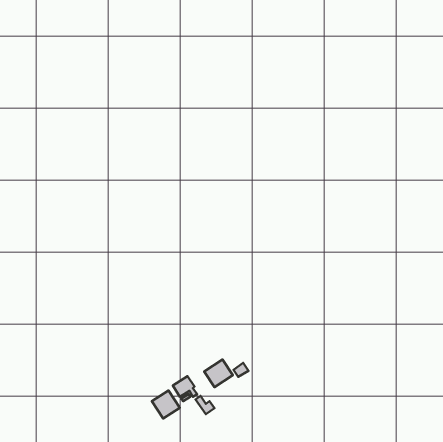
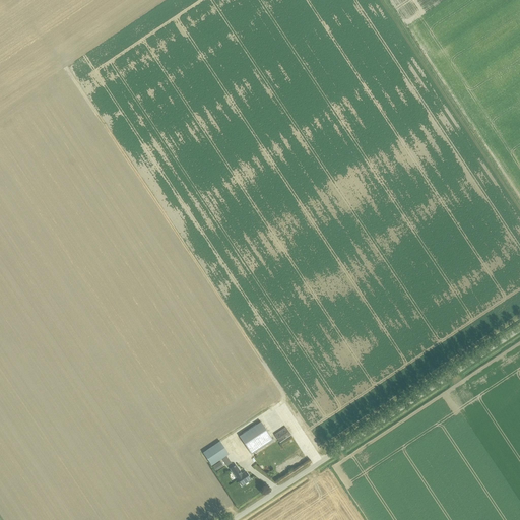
building: [152,390,180,418] -> none

